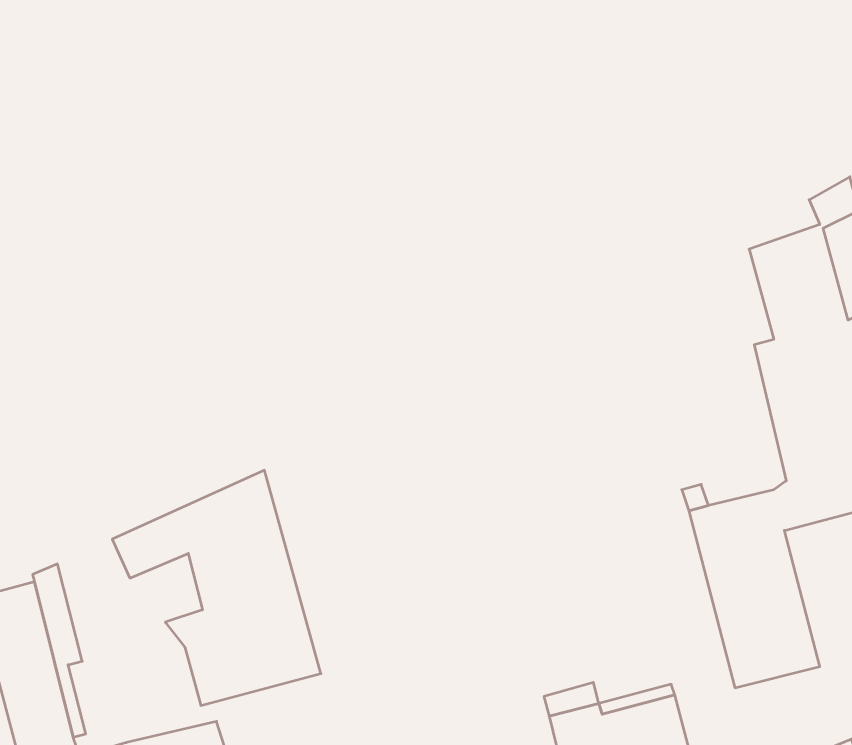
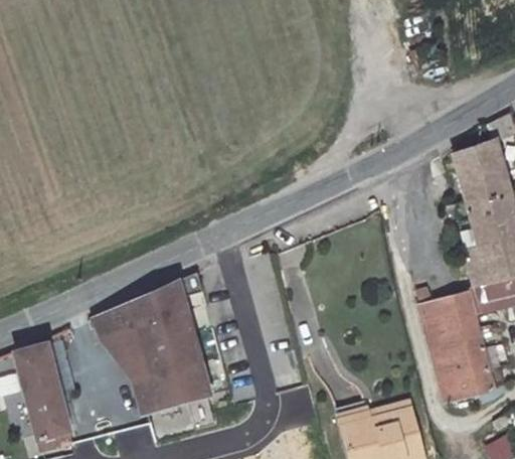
building: none -> [102,327,143,366]

